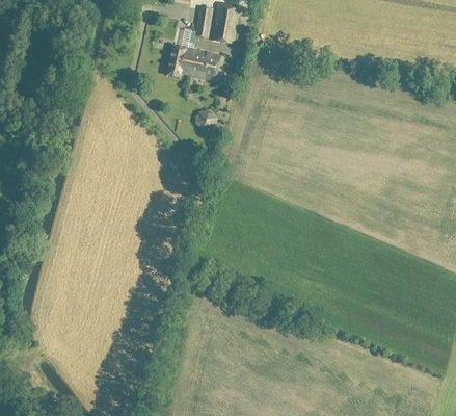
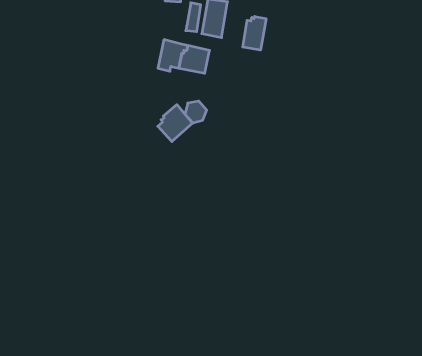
building: none -> [243,16,266,50]
building: none -> [158,105,193,142]

